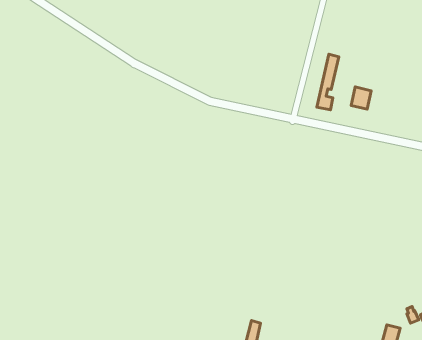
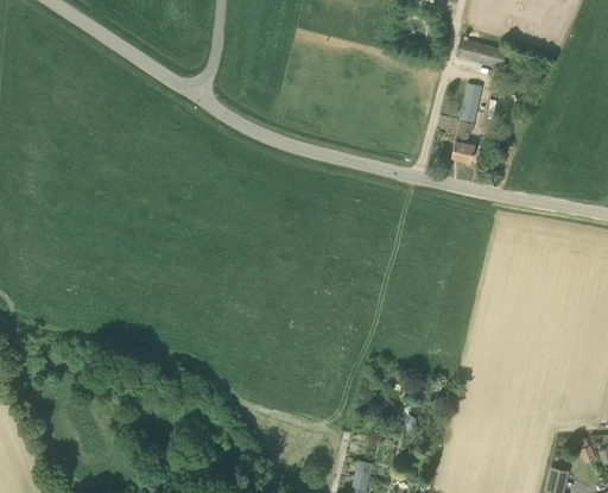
building: none -> [456,38,506,68]
building: [351,87,371,109] -> none

